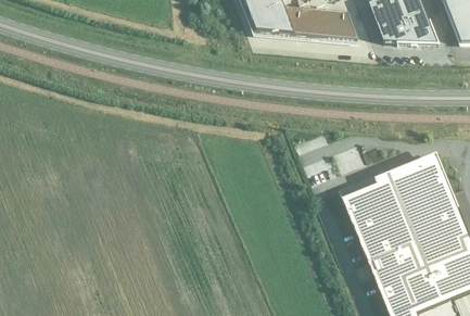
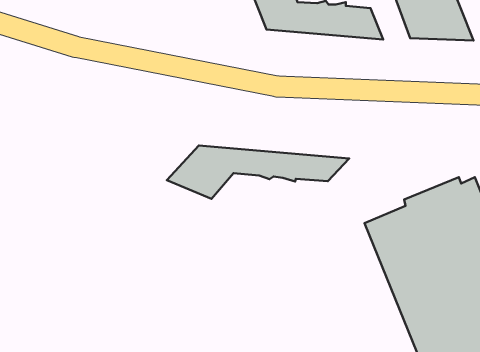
building: none -> [167,146,349,199]

